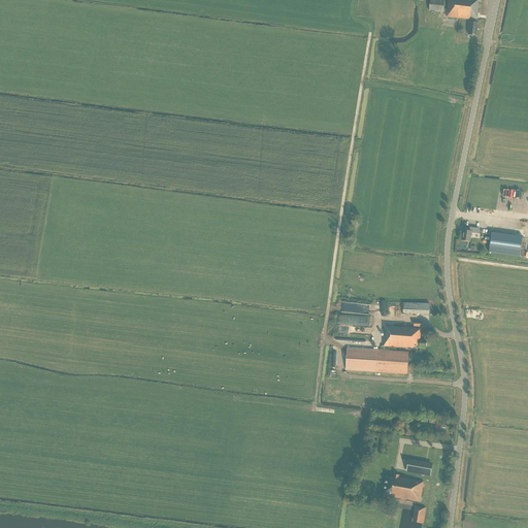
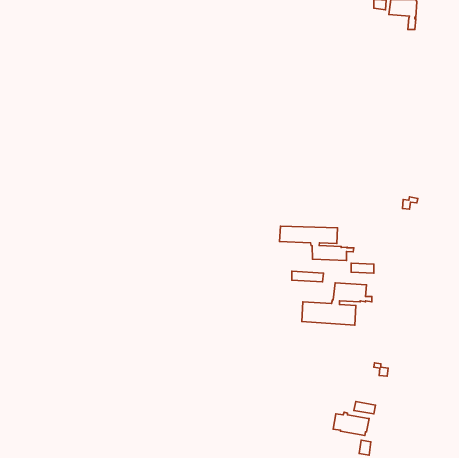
building: [489,231,523,256] -> none
building: none -> [280,226,354,261]

